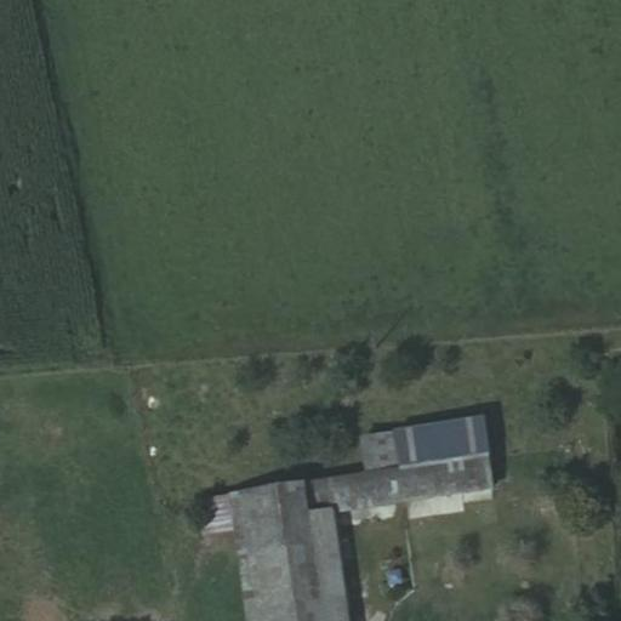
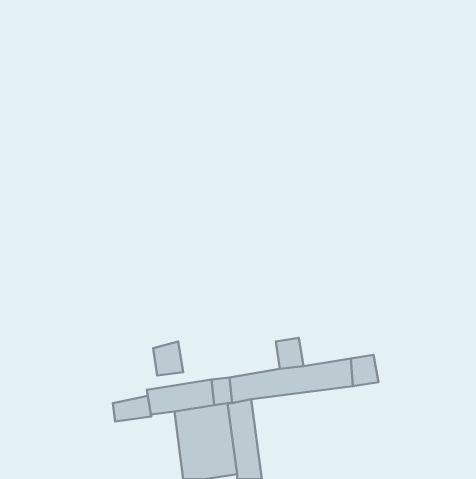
building: [397,415,491,465] -> none
building: none -> [153,342,183,376]
building: none -> [113,396,151,422]

